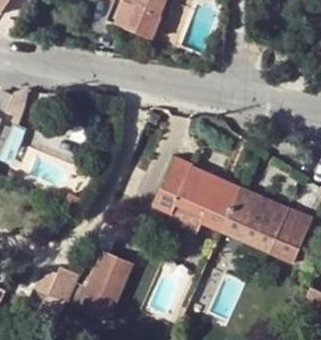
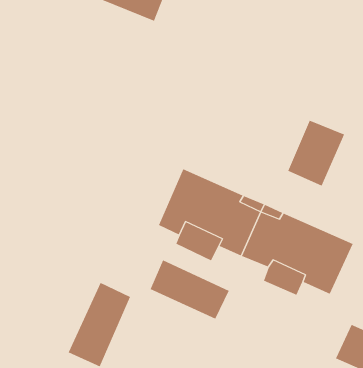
building: none -> [287,120,345,187]
building: none -> [150,259,230,320]
building: [34,266,81,301] -> none

